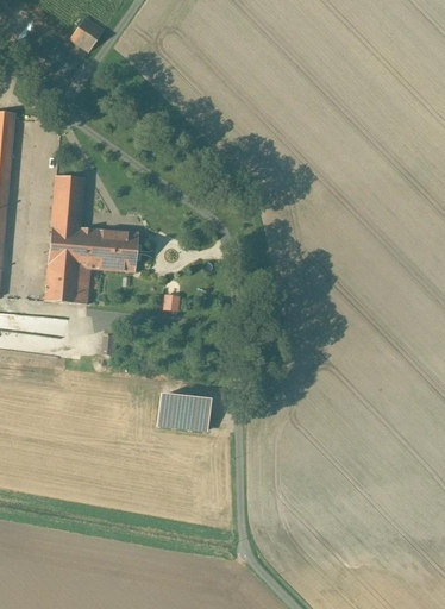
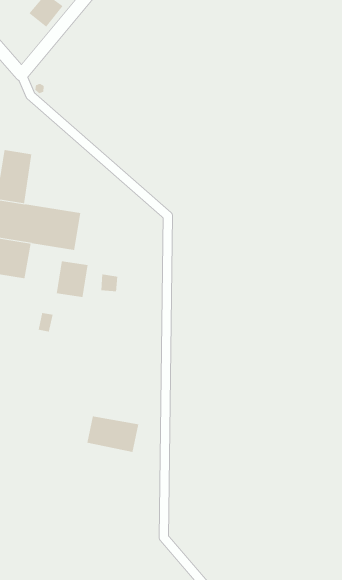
building: none -> [56,261,88,298]
building: [158,395,209,428] -> [86,416,139,452]

